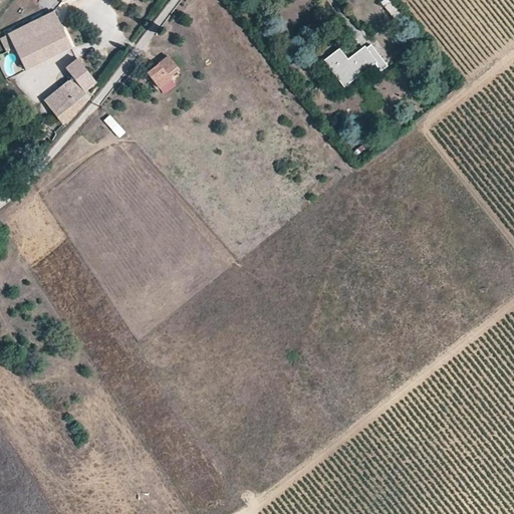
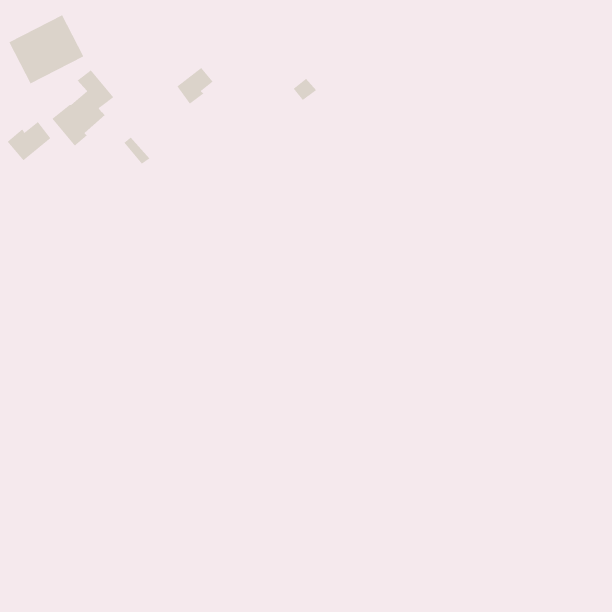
building: [325,44,387,83] -> none
building: none -> [7,121,51,161]

